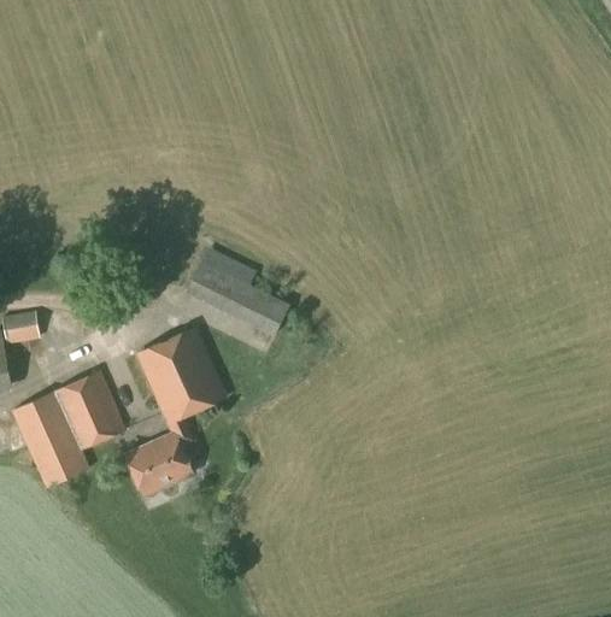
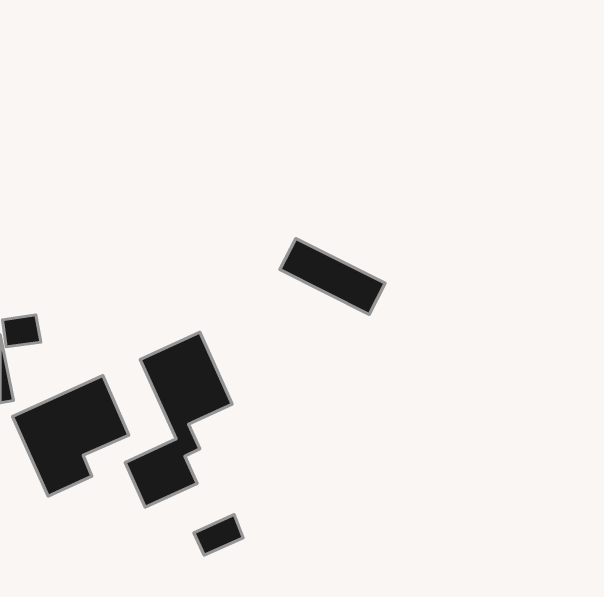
building: [187,260,289,334] -> [280,239,385,314]
building: none -> [194,515,243,555]

